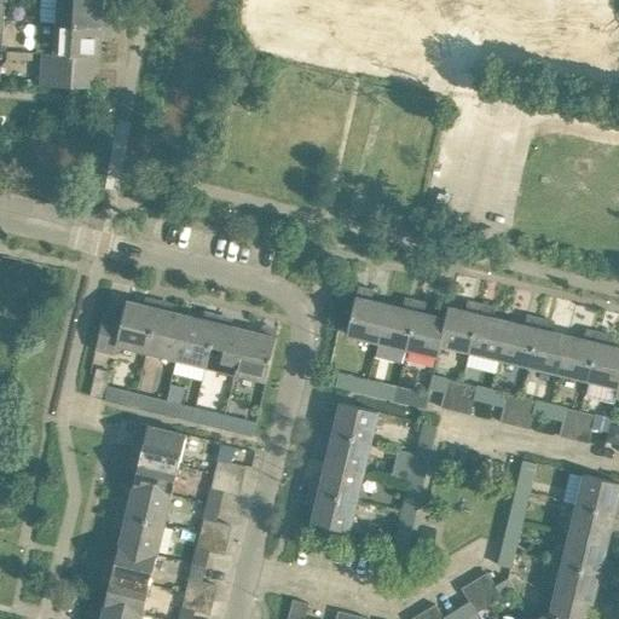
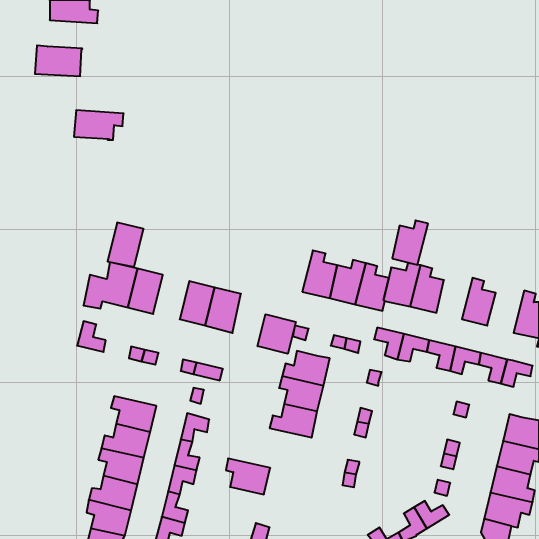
building: [54,24,111,58] -> [74,110,124,140]
building: [175,316,216,366] -> [108,223,144,267]
building: [499,316,540,366] -> [392,220,428,265]
building: [557,330,600,382] -> none
building: none -> [258,314,296,354]
building: [131,423,186,465] -> none
building: [306,491,357,532] -> [226,458,270,494]

